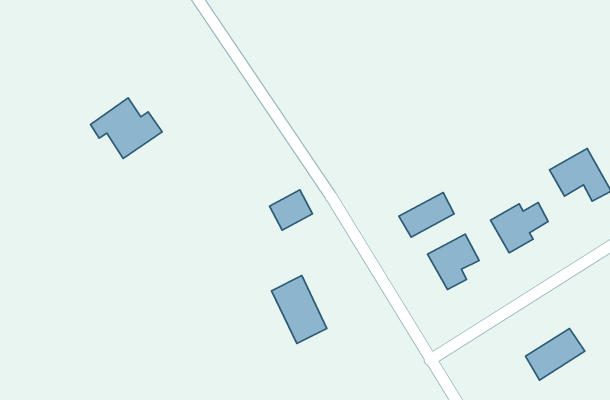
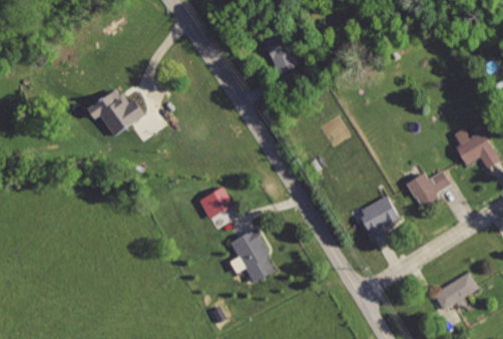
building: none -> [264,31,298,73]
building: [270,190,312,230] -> [199,187,233,219]
building: [399,192,454,237] -> none

